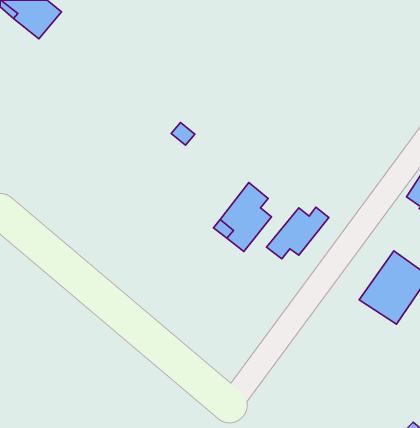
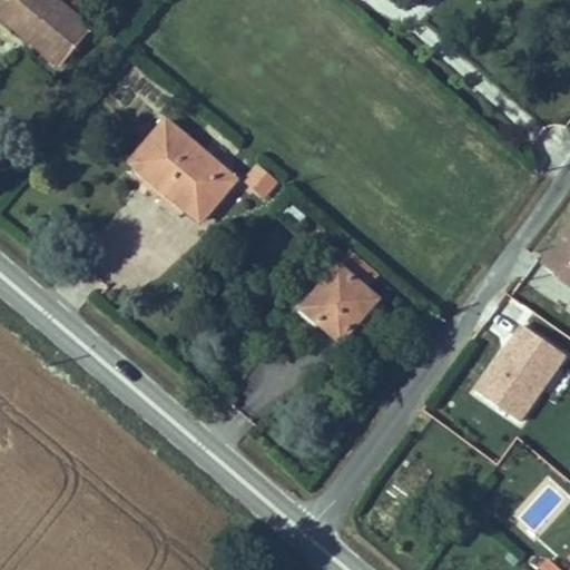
building: none -> [127,121,232,220]
building: [266,207,329,259] -> none

